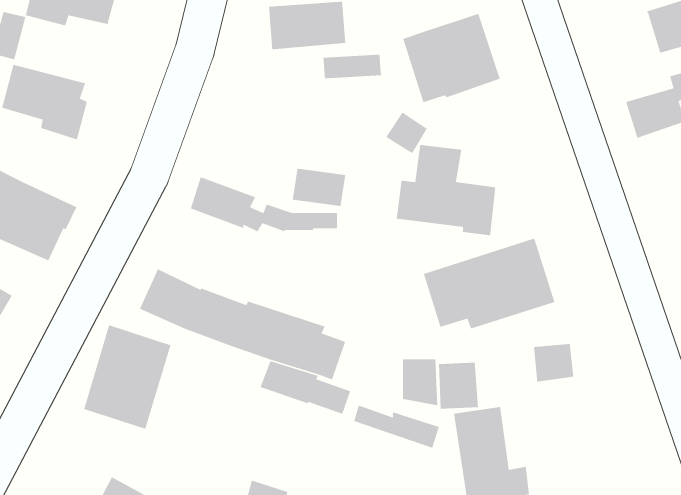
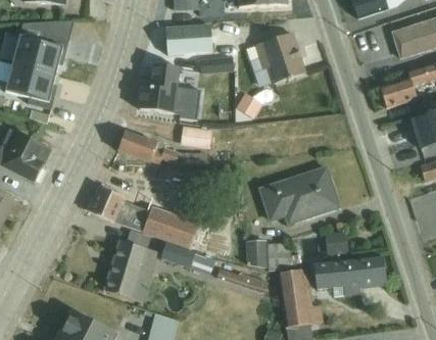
building: none -> [12,35,69,75]
building: [396,144,496,236] -> [140,64,200,119]
building: [83,324,171,430] -> [104,239,157,302]
building: none -> [313,256,386,296]

